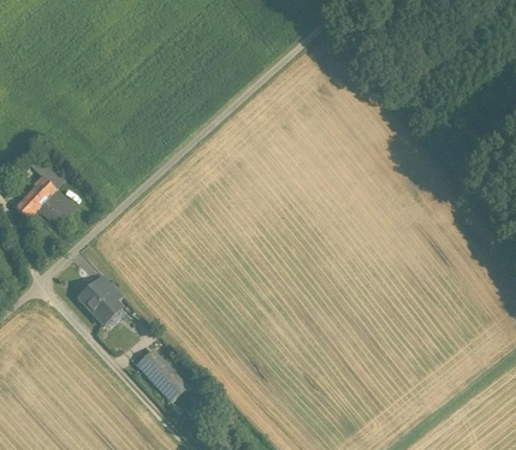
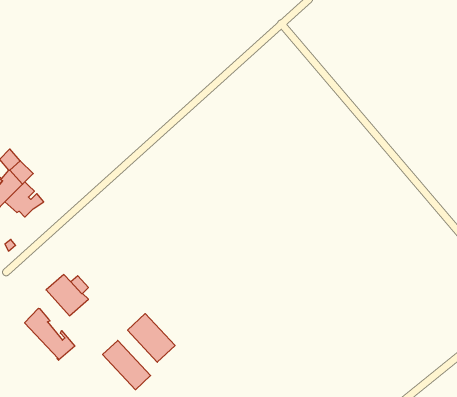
building: none -> [25,308,75,360]
building: none -> [128,314,175,362]

